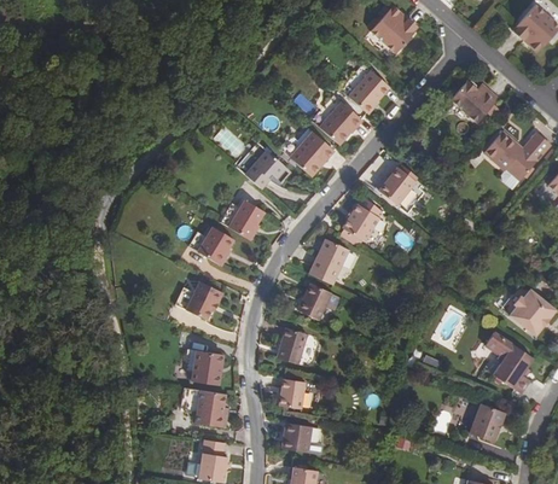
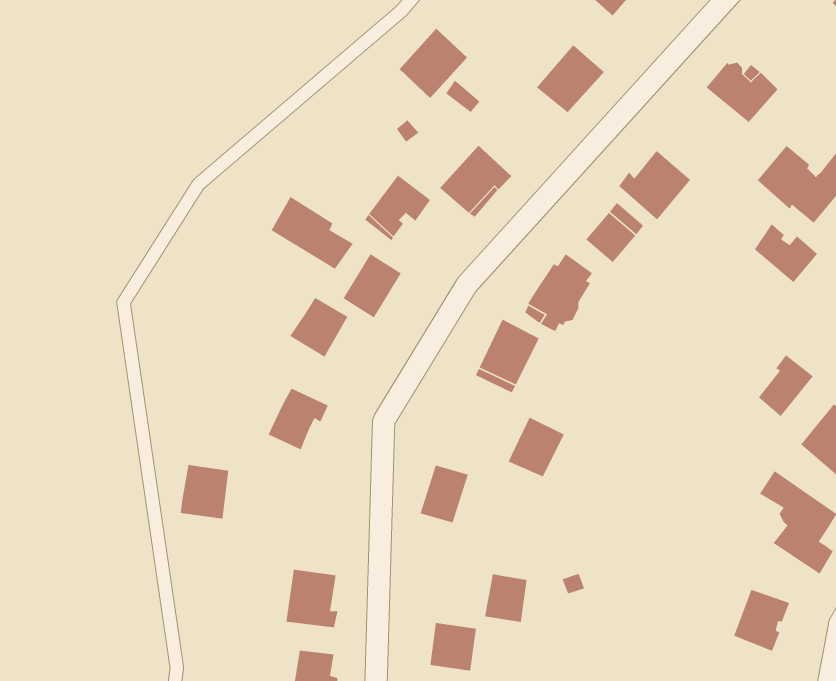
building: [319,101,361,145] -> [399,28,468,99]
building: none -> [618,150,691,220]
building: none -> [270,196,354,270]
building: none -> [754,223,818,283]
building: none -> [758,354,814,417]
building: [297,281,332,319] -> [508,416,565,478]
building: [192,351,222,385] -> [180,464,229,520]
building: [278,379,304,409] -> [484,574,528,623]

